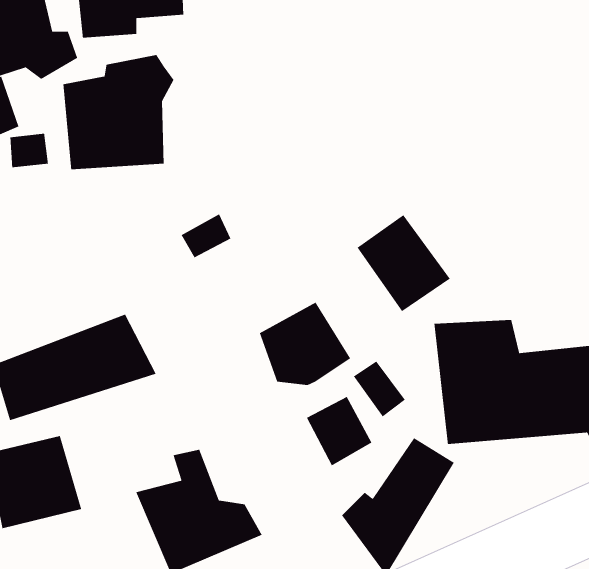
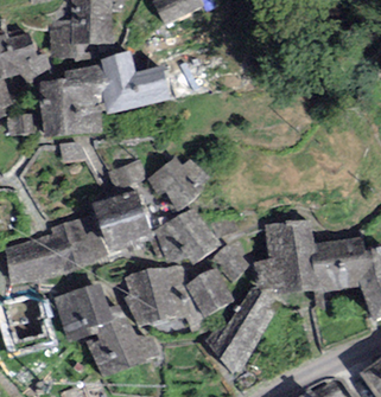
building: none -> [101,47,171,113]
building: [357,214,451,312] -> [151,152,208,211]
building: none -> [95,190,155,252]
building: none -> [123,267,189,326]
building: none -> [55,281,112,334]

